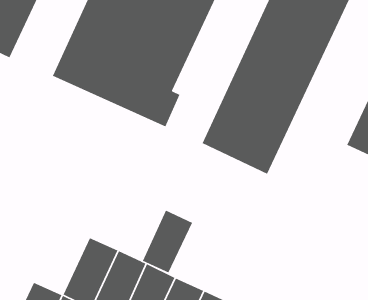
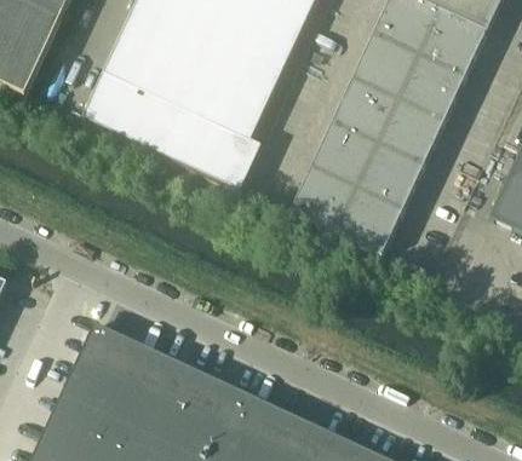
building: [142,209,193,273] -> none
building: none -> [57,321,134,420]

